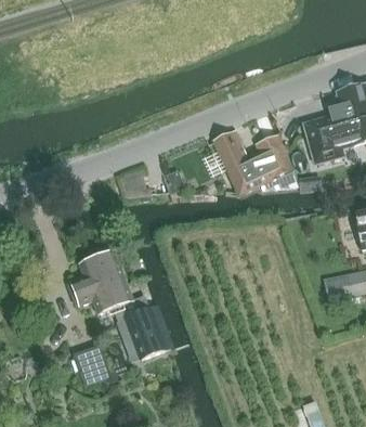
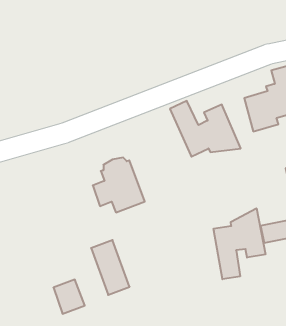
building: [68,246,131,312] -> [93,158,145,212]
building: none -> [214,208,265,279]

